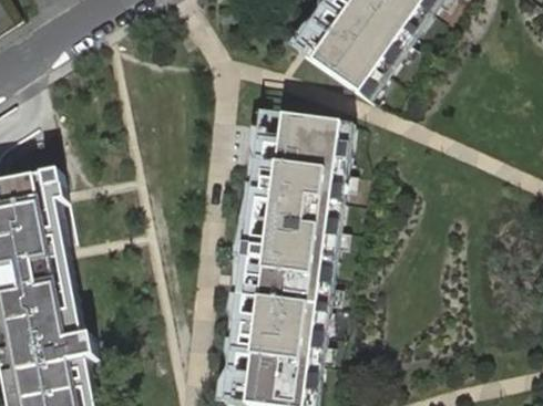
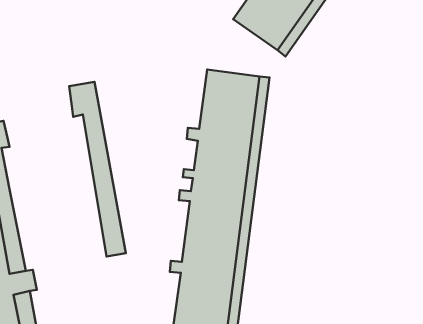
building: none -> [69,82,126,256]

